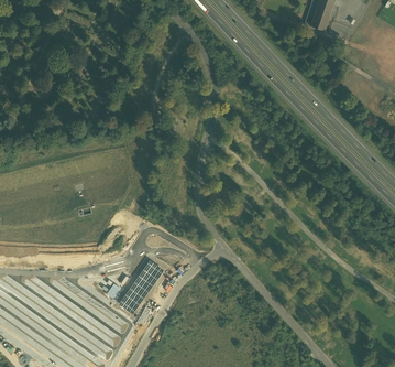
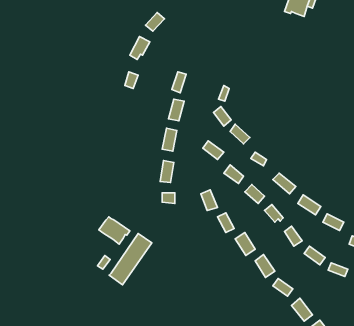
building: none -> [99,217,130,244]

